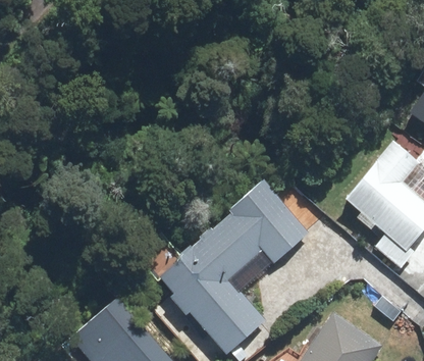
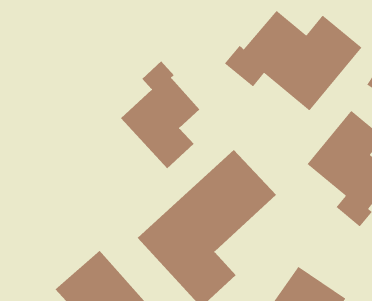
building: none -> [224,10,362,111]
building: none -> [120,60,200,169]

